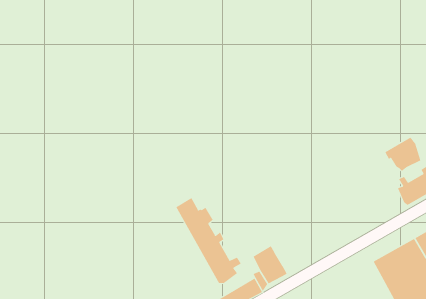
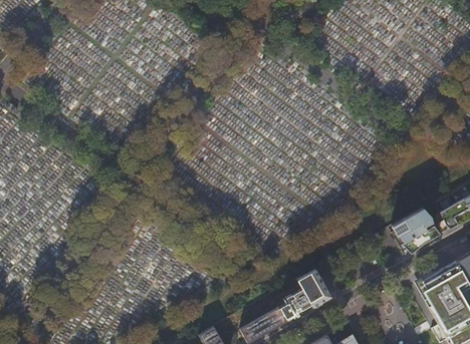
building: [384,137,421,172] -> [400,210,436,244]
building: [175,197,242,284] -> none

